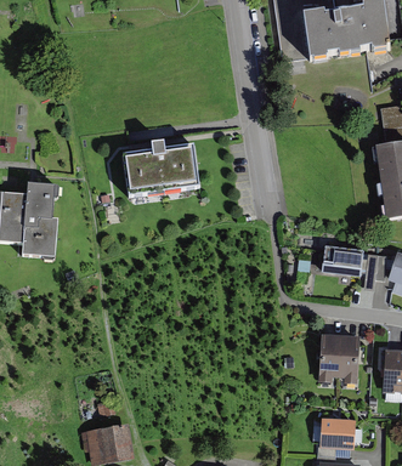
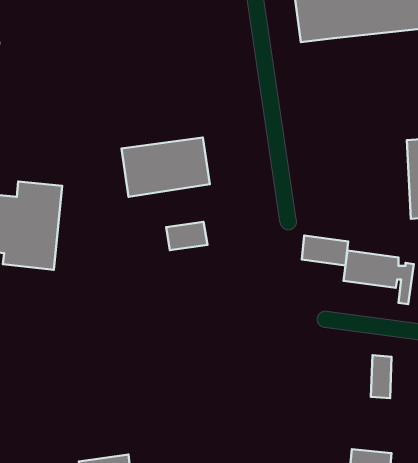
building: none -> [166,222,207,250]
building: none -> [302,235,348,266]
building: [319,335,341,371] -> none

